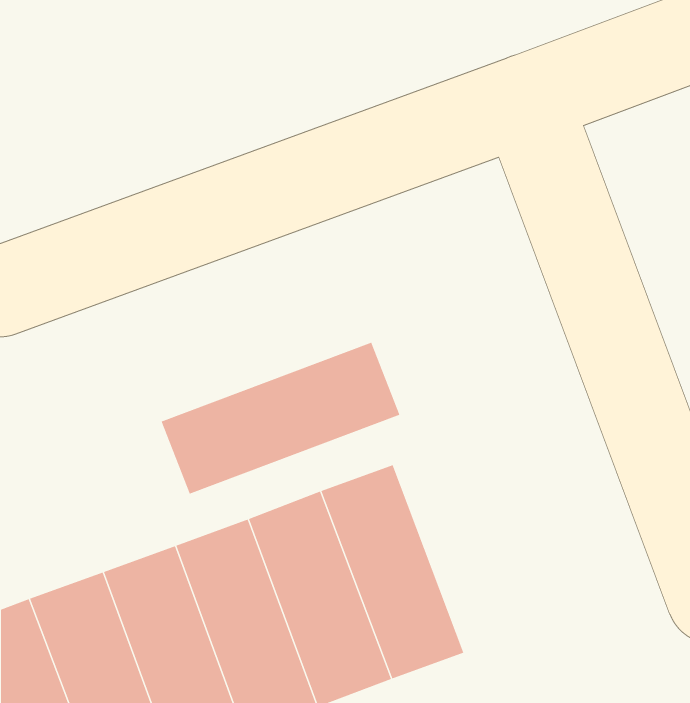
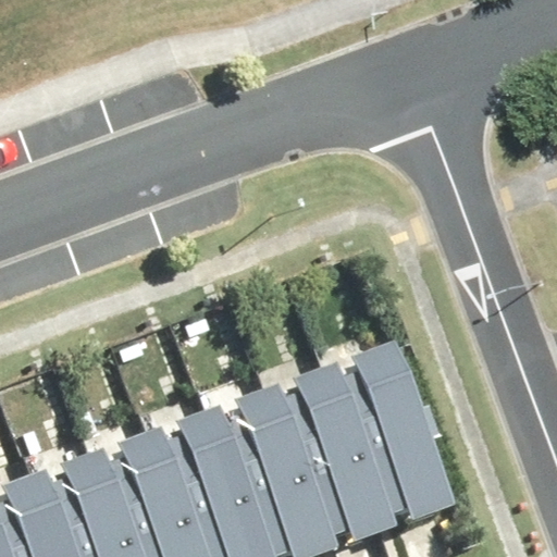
building: [161,342,400,495] -> none
building: none -> [324,349,436,517]

